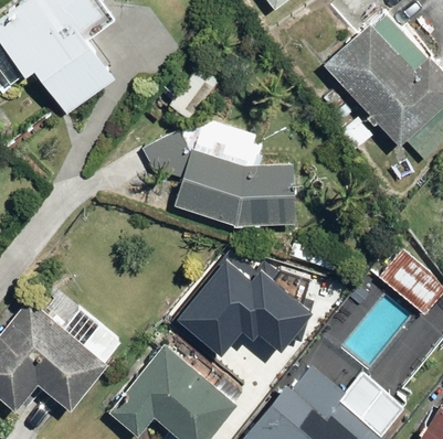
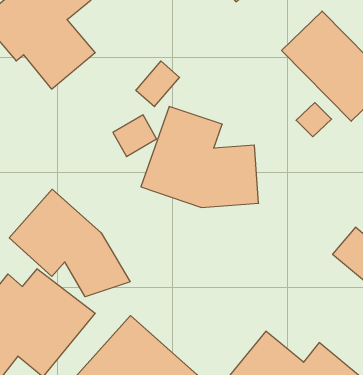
building: none -> [9,189,130,297]
building: [167,248,305,357] -> none

